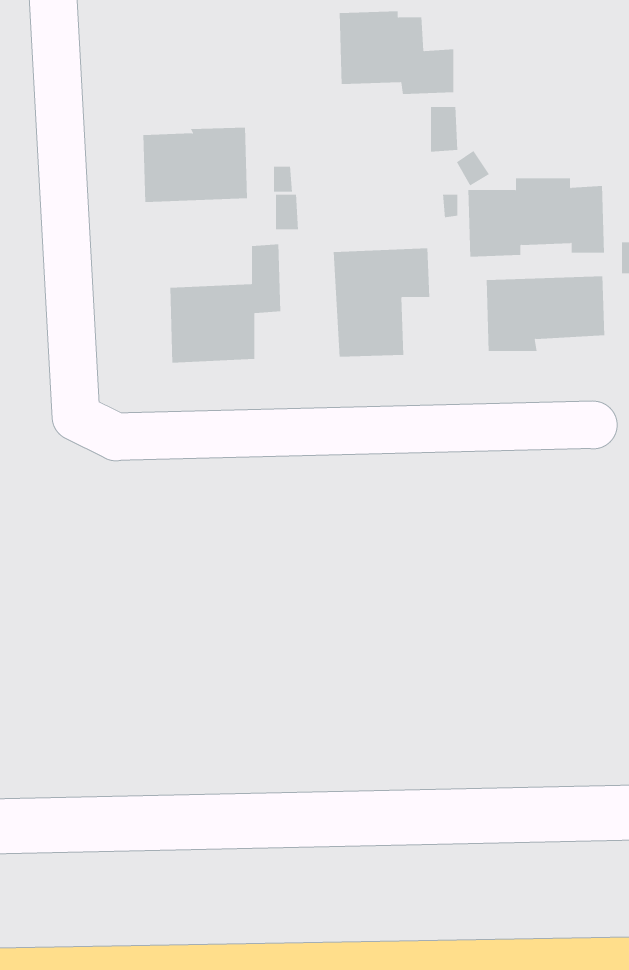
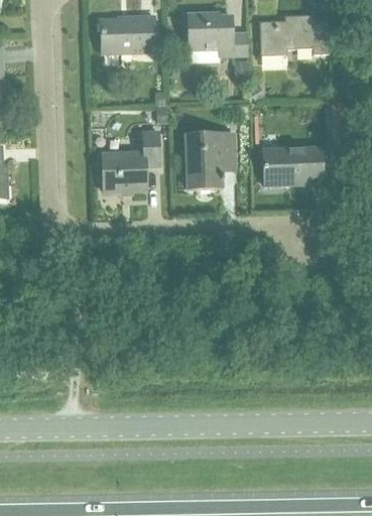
building: [142,127,248,203] -> [102,15,155,53]
building: [467,178,605,257] -> [260,15,330,55]

